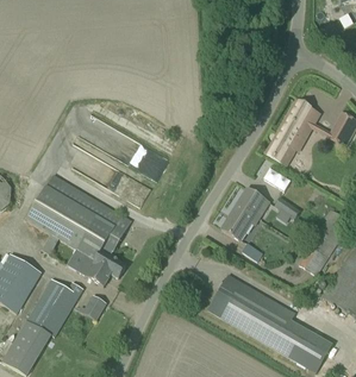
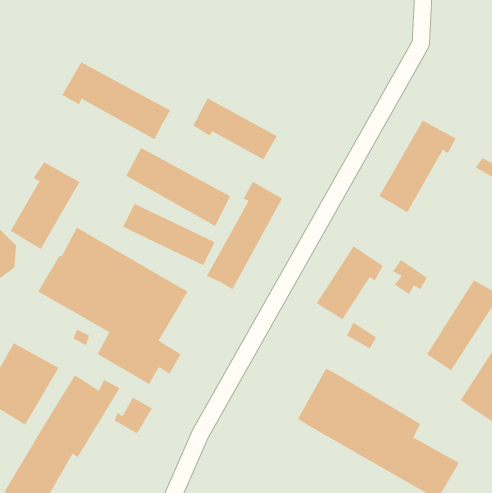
building: none -> [62,61,171,140]
building: none -> [193,97,277,160]
building: none -> [10,162,80,250]
building: none -> [206,181,283,290]

